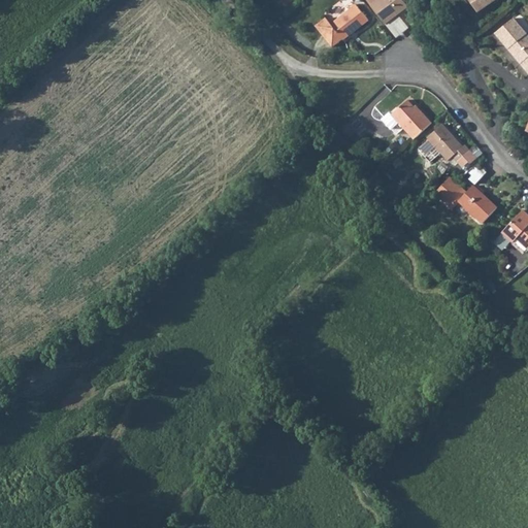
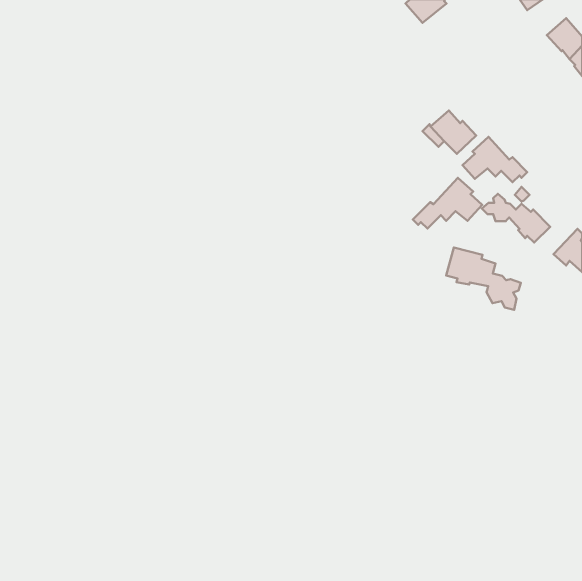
building: [315,4,366,47] -> none
building: none -> [413,178,482,229]
building: none -> [446,248,521,310]

